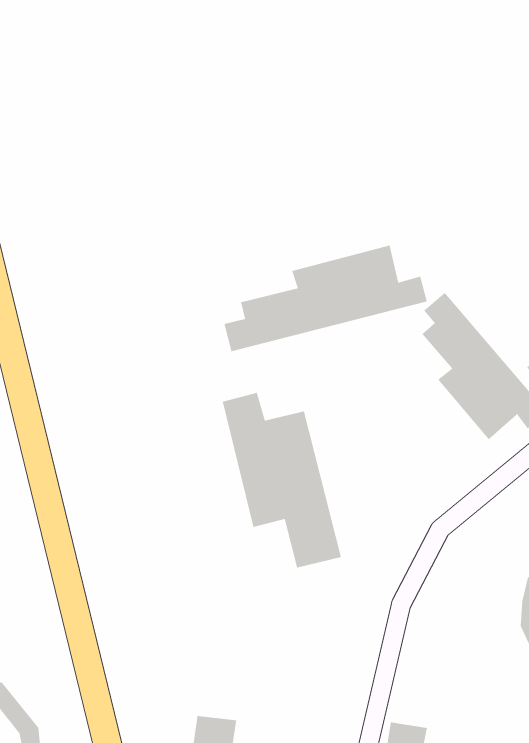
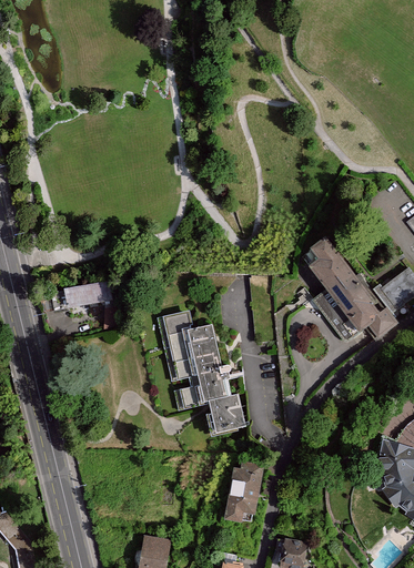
building: [224,244,428,352] -> none
building: none -> [61,278,112,308]
building: none -> [223,470,262,524]

